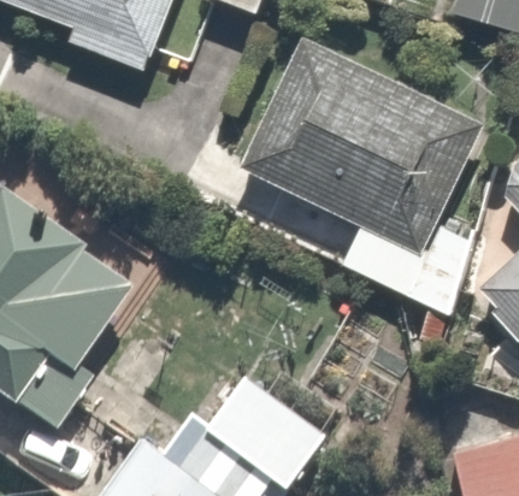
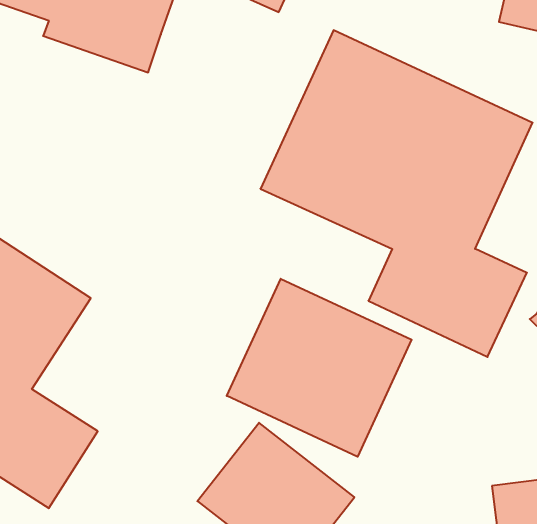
building: none -> [227,279,412,457]

